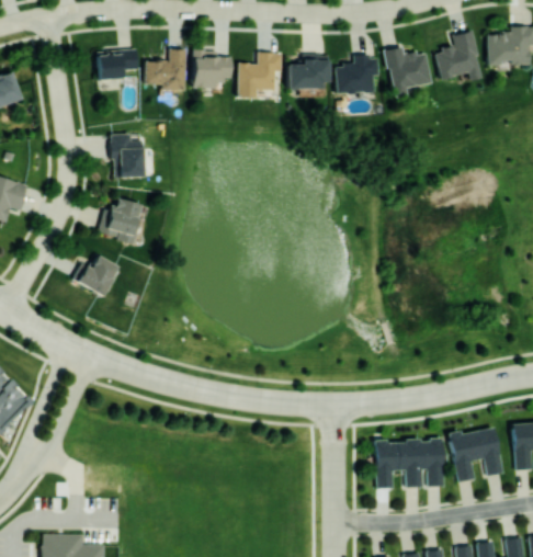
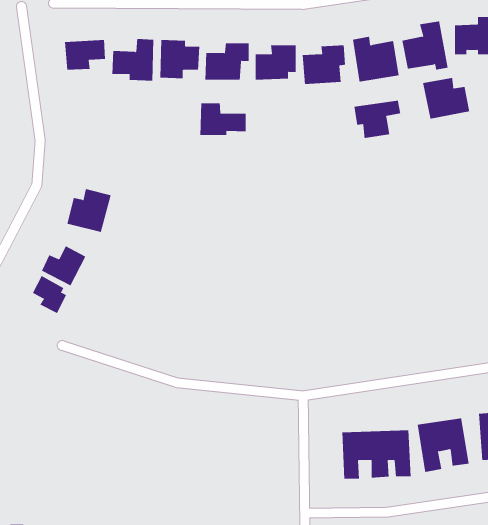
building: none -> [423,77,470,119]
building: none -> [354,100,401,139]
building: none -> [200,102,246,136]
building: [112,134,144,178] -> none
building: none -> [32,275,67,314]

